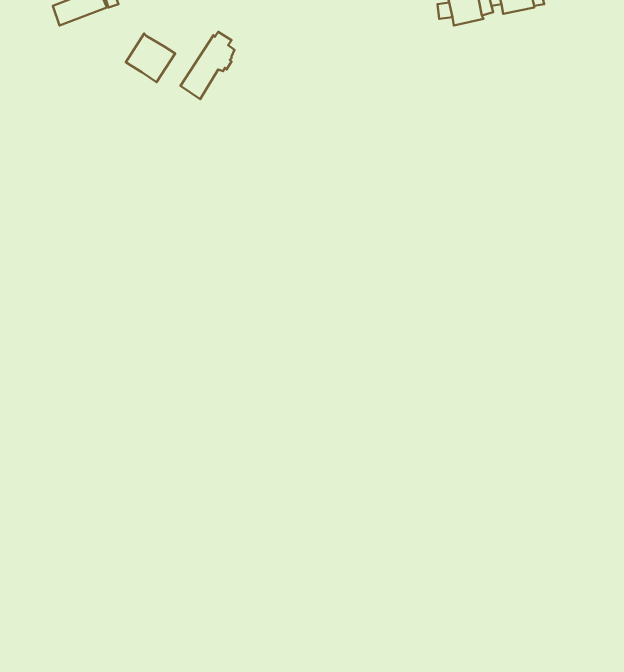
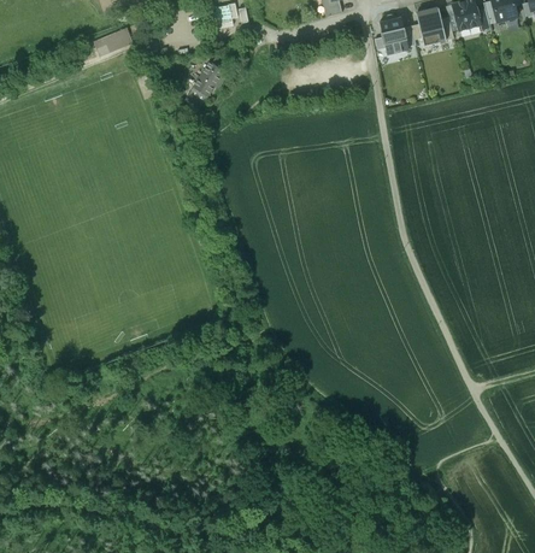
building: [126,34,175,82] -> none

